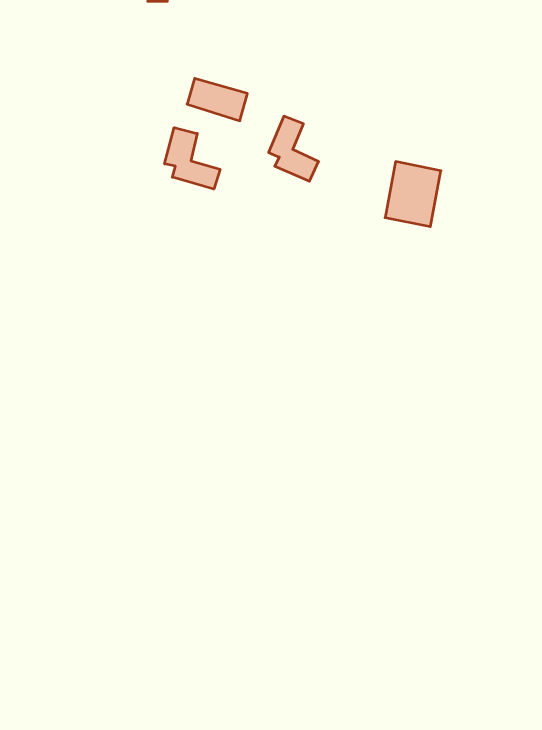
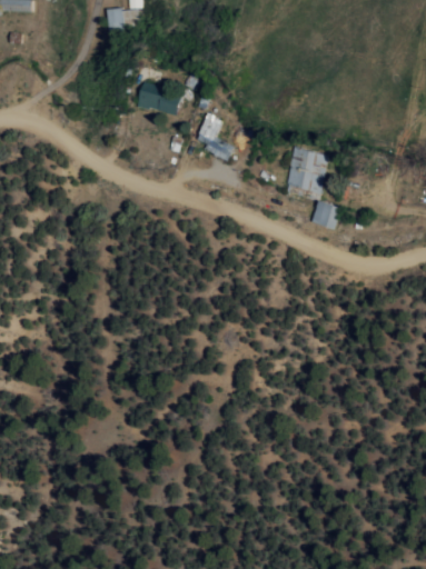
building: [165,128,220,189] -> none
building: none -> [311,199,340,228]

